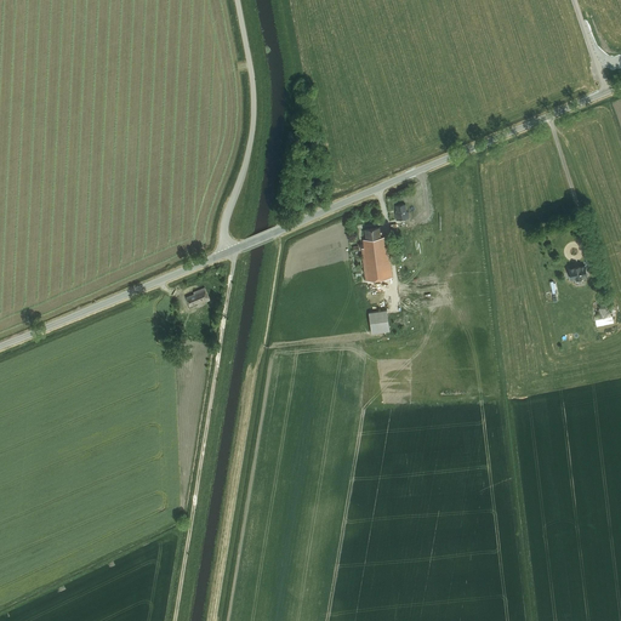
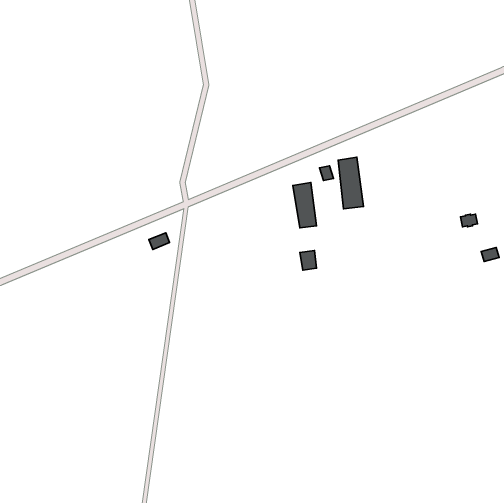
building: none -> [338,157,364,209]

